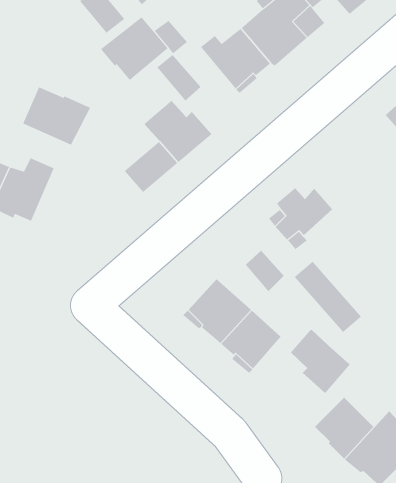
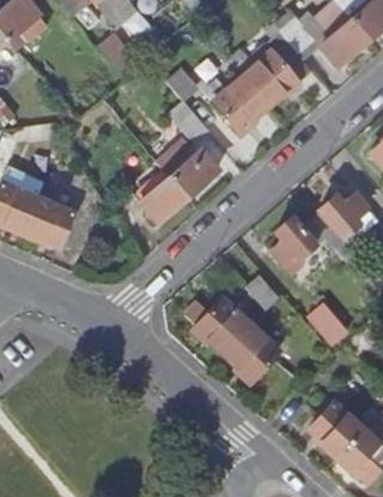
building: [100,17,168,81] -> none
building: [22,86,91,145] -> none
building: none -> [307,194,370,244]
building: [290,329,350,394] -> none

